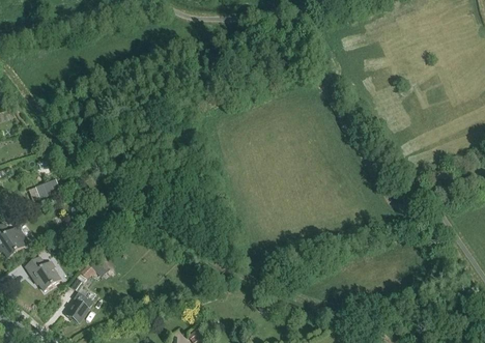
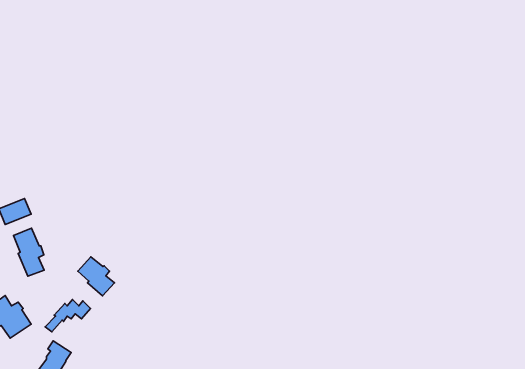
building: none -> [14,228,44,276]
building: none -> [78,257,114,296]

